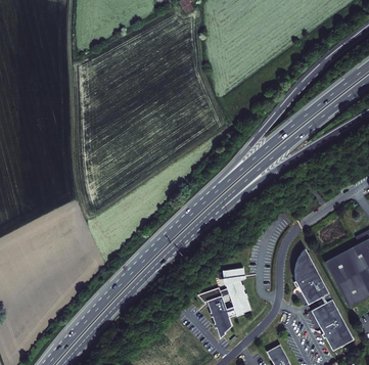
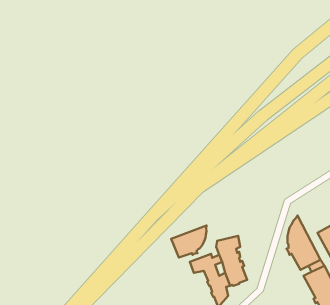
building: none -> [171,225,206,258]

